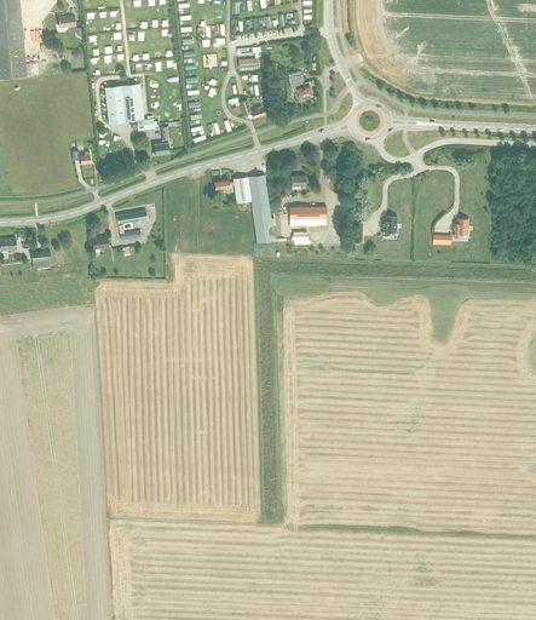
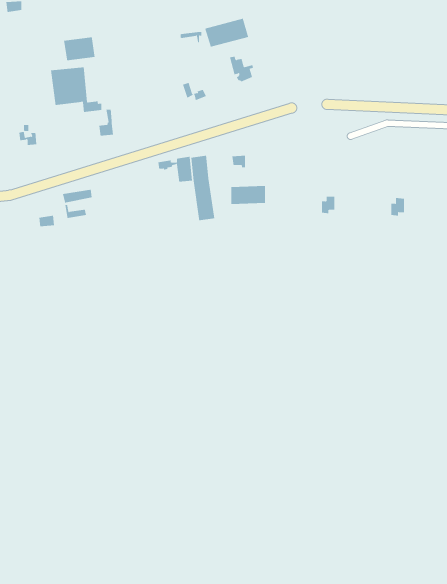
building: none -> [205,18,249,48]
building: none -> [64,37,95,61]

